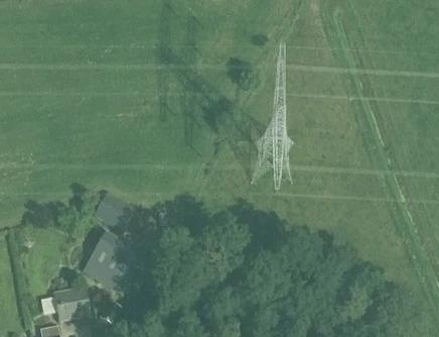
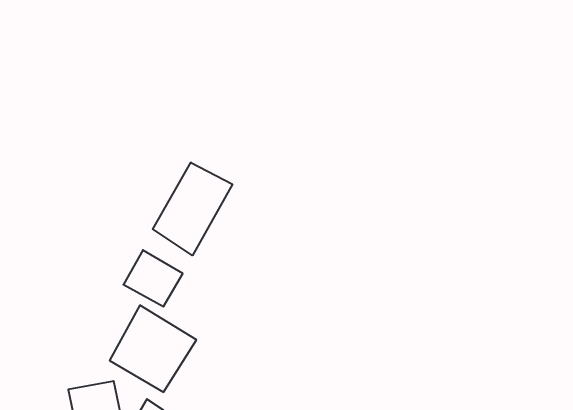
building: none -> [153,162,232,255]

